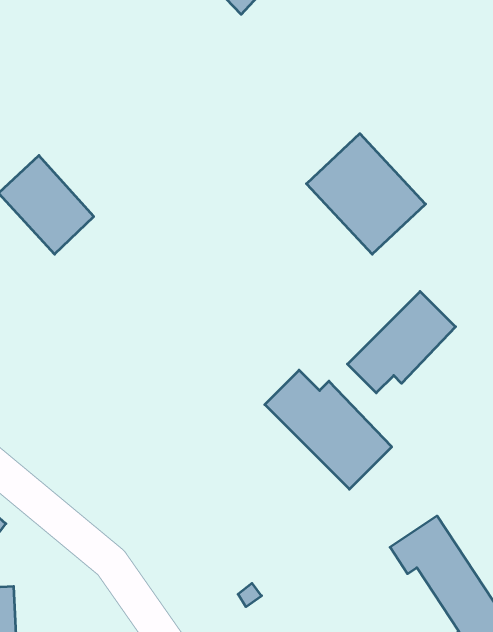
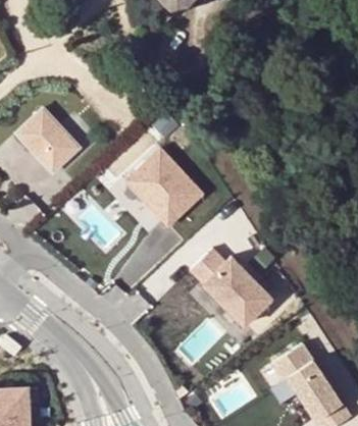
building: [306,134,426,254] -> [125,148,203,226]
building: [347,291,456,393] -> none

